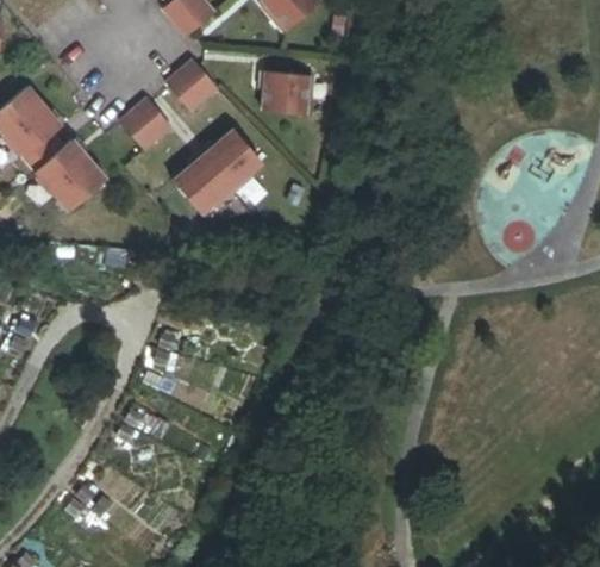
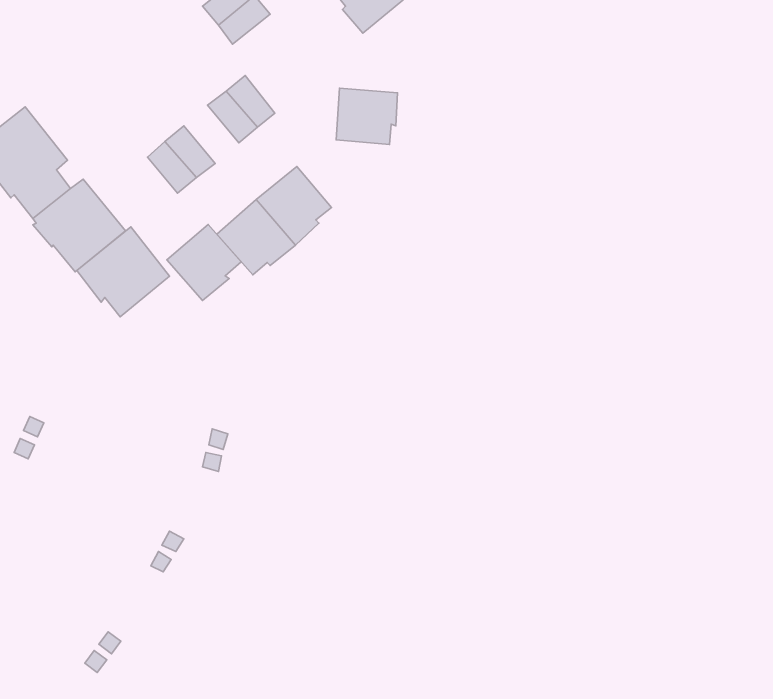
building: none -> [167,225,241,300]
building: none -> [77,227,170,317]

